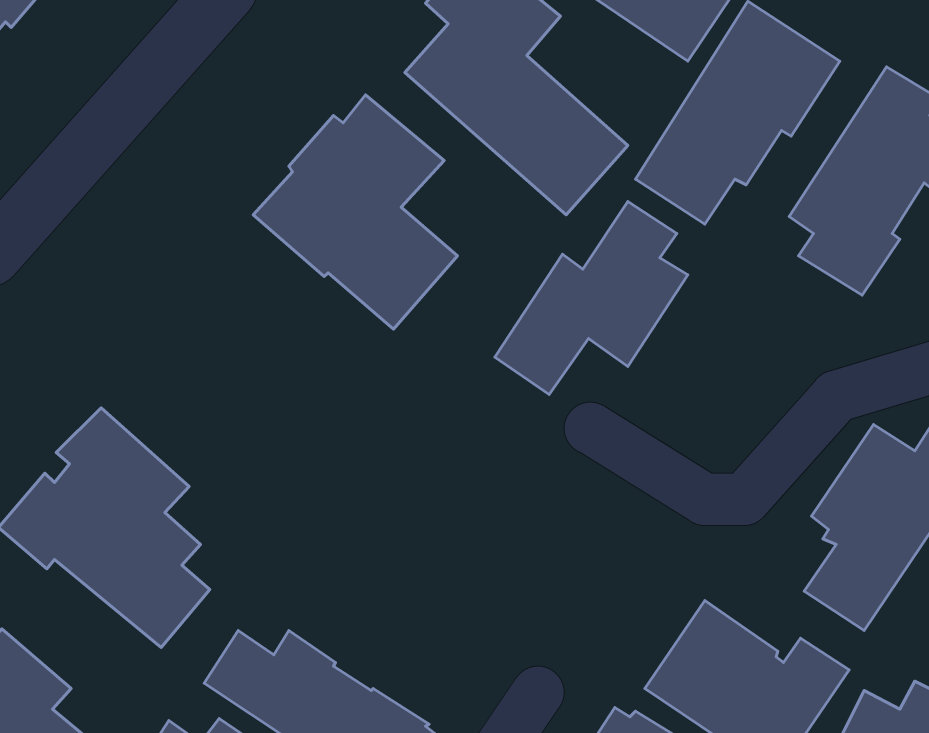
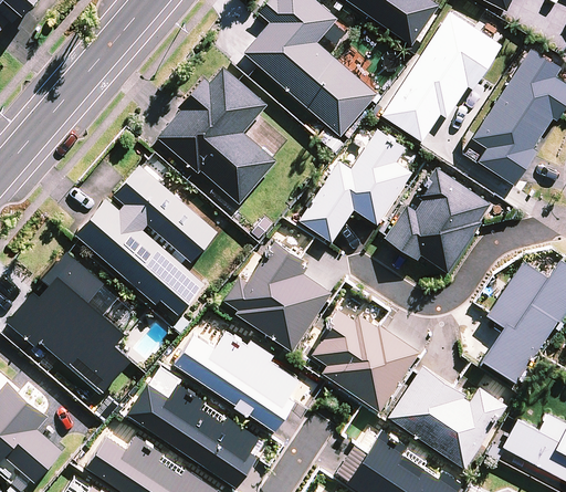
building: none -> [75,165,218,315]
building: none -> [382,169,490,273]
building: none -> [222,241,332,353]
building: none -> [311,311,419,414]
building: none -> [174,332,300,432]

